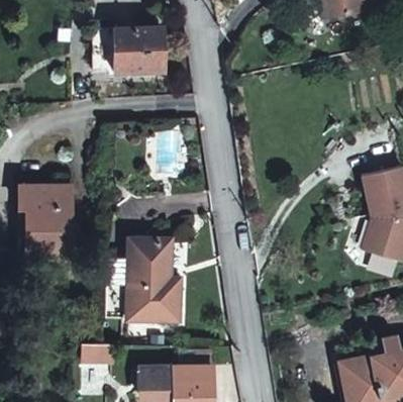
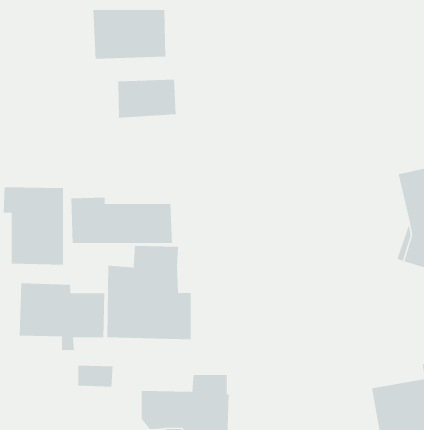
building: none -> [118,79,176,118]
building: none -> [71,197,172,244]
building: none -> [19,282,105,351]

